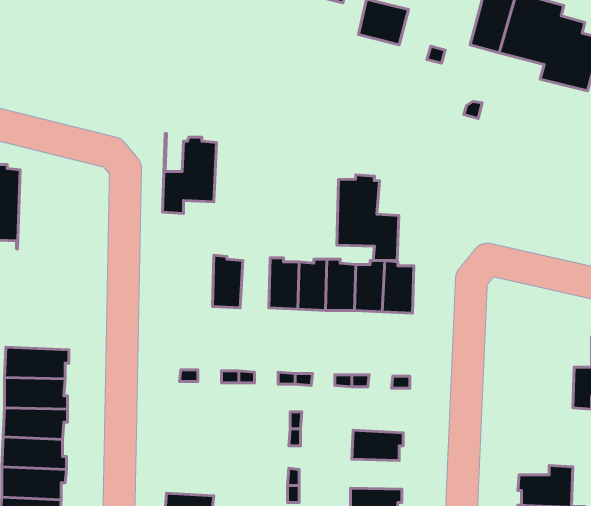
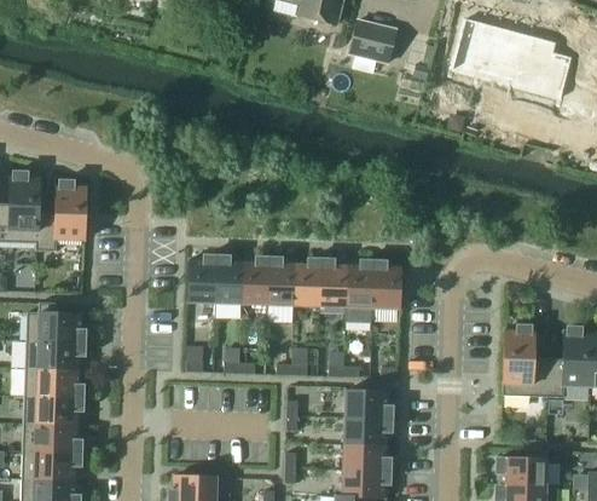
building: [162,133,216,214] -> [37,178,87,252]
building: [337,175,399,261] -> none
building: none -> [189,257,218,304]
building: none -> [242,258,269,305]
building: none -> [27,303,86,344]
building: none -> [503,327,549,397]
building: none -> [346,391,393,420]
building: none -> [343,444,390,472]

